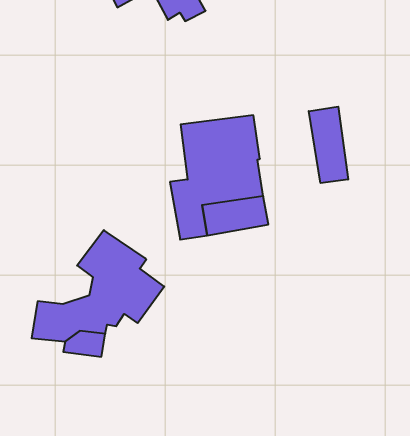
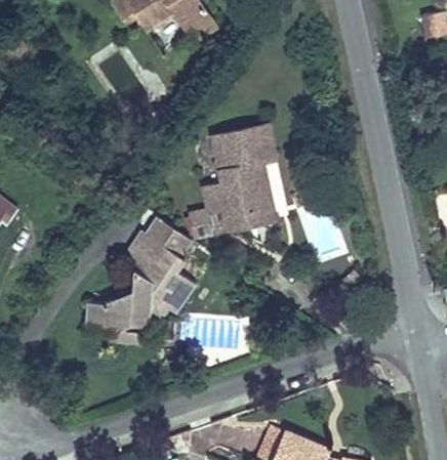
building: [309,107,348,183] -> none
building: none -> [144,216,189,255]

